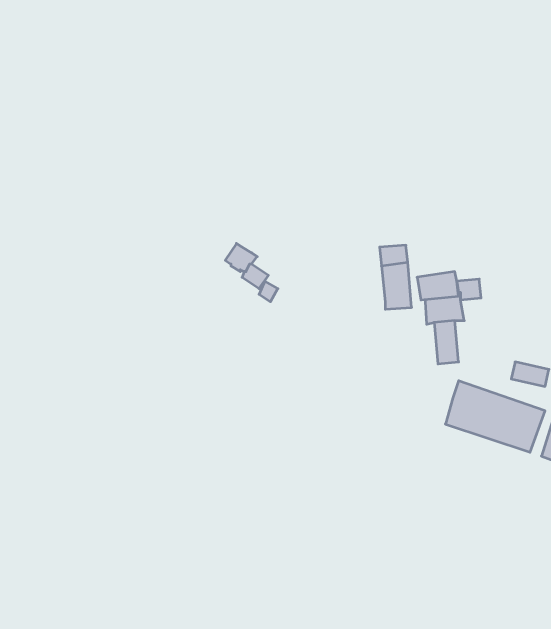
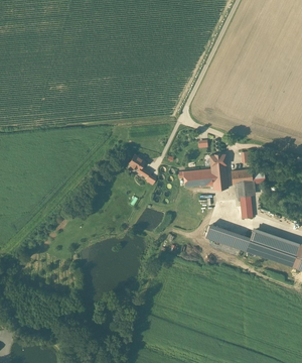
building: none -> [181,169,212,188]
building: none -> [204,224,249,251]

